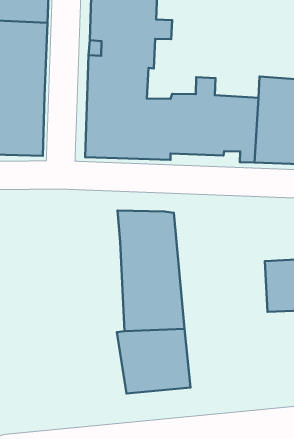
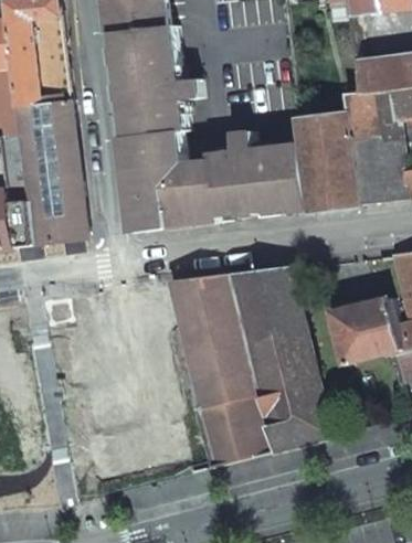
building: none -> [229,267,328,453]

